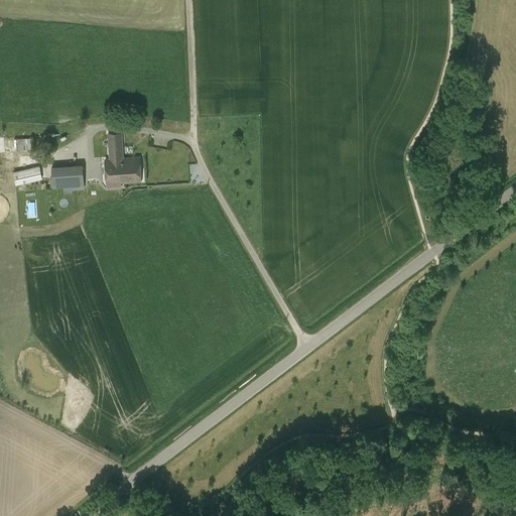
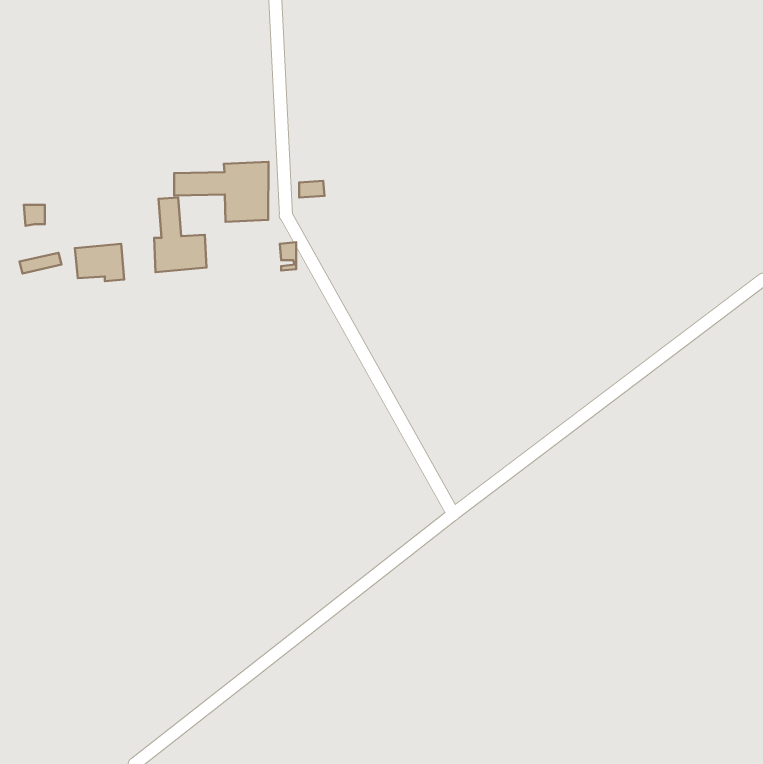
building: none -> [174,162,268,222]

